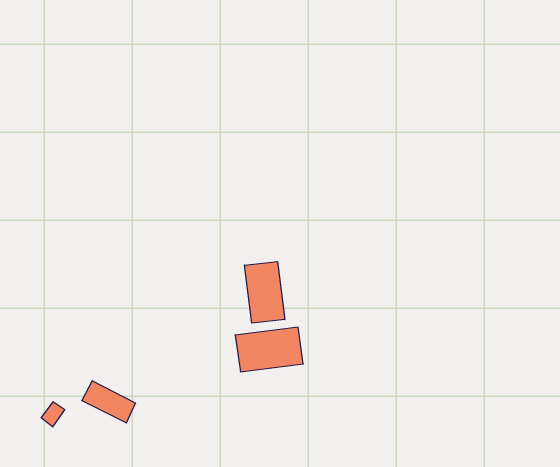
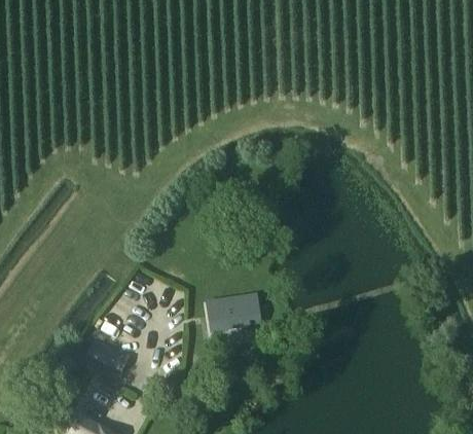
building: [245,262,285,323] -> none

